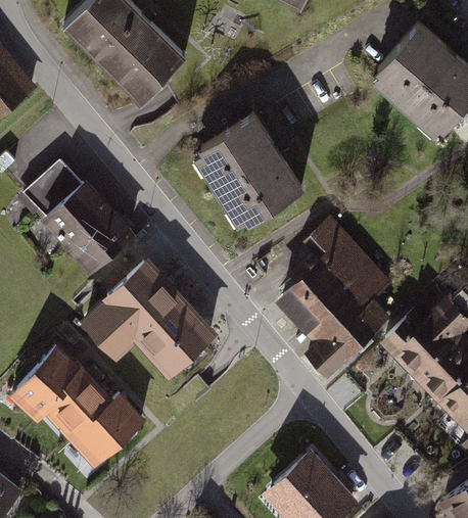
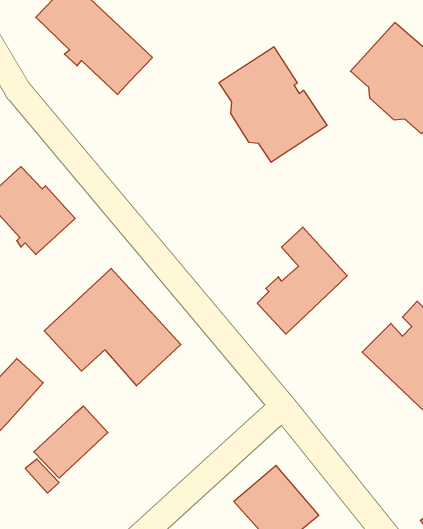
building: [199,117,303,229] -> [219,47,327,162]
building: [73,215,130,271] -> none
building: [310,270,388,375] -> none
building: [45,372,110,439] -> none

